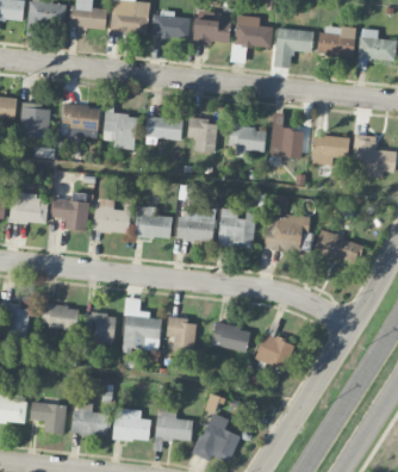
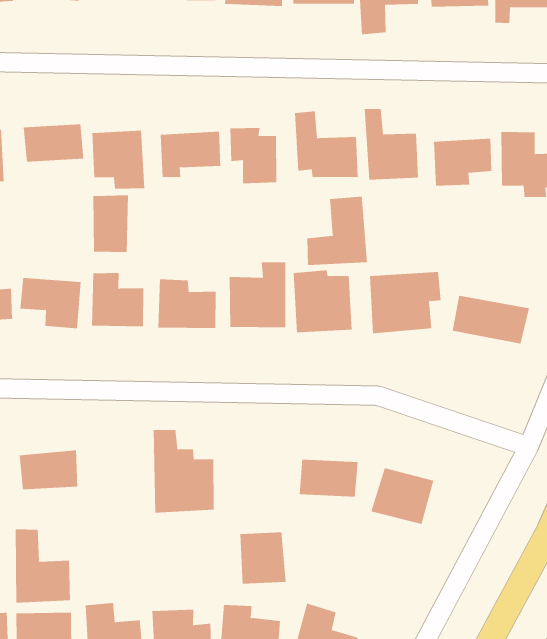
building: none -> [93,194,129,253]
building: none -> [307,196,368,266]
building: [82,311,116,343] -> none
building: [167,318,194,350] -> [239,532,286,584]
building: none -> [15,528,71,604]

